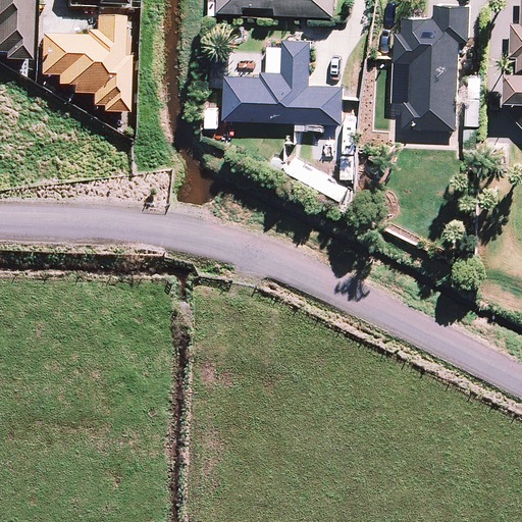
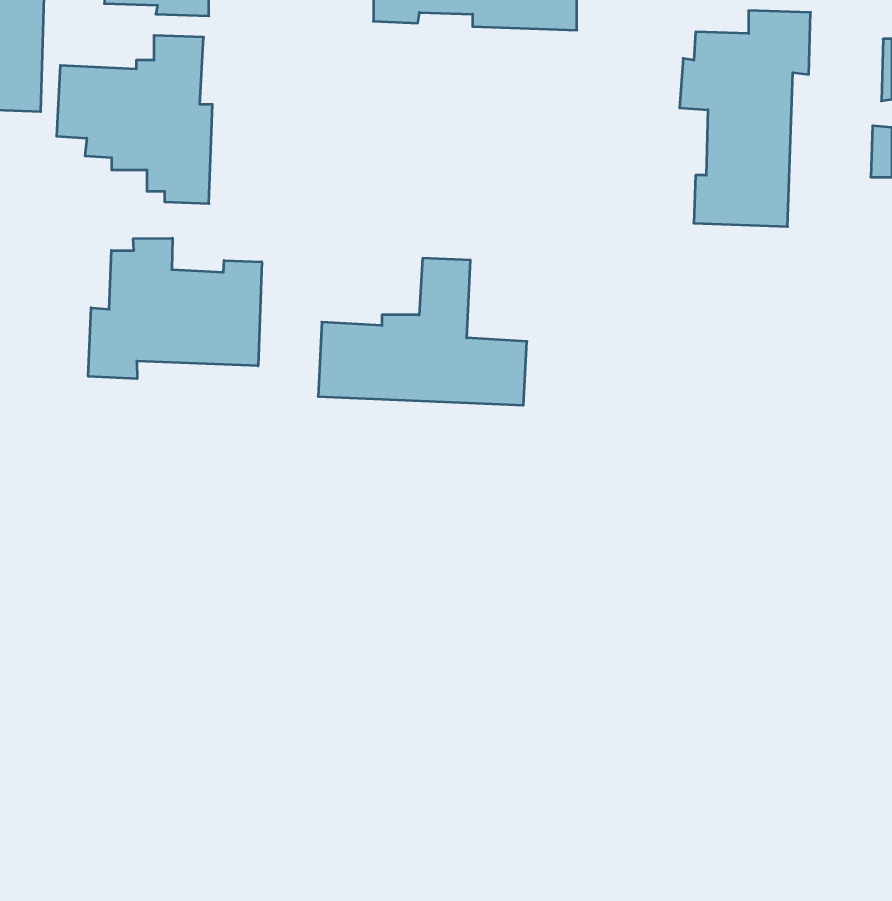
building: [221,40,342,124] -> [318,258,527,405]
building: none -> [88,238,262,379]

